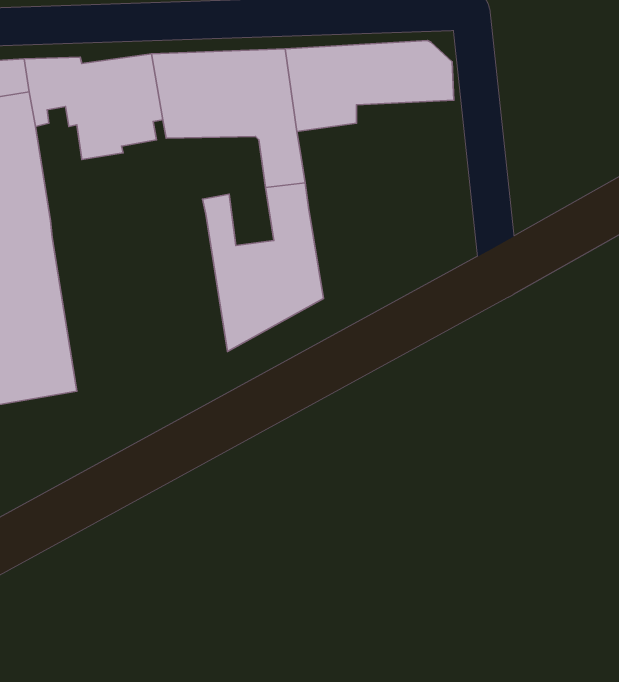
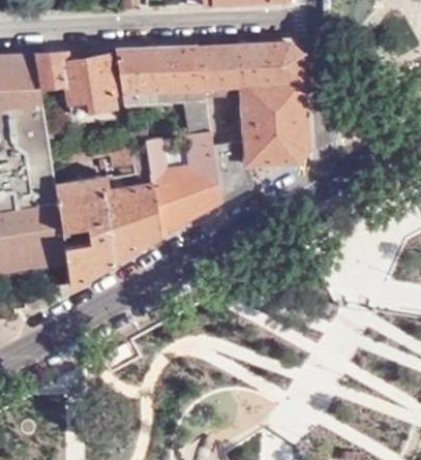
building: none -> [212,80,307,204]
building: none -> [51,142,161,285]

